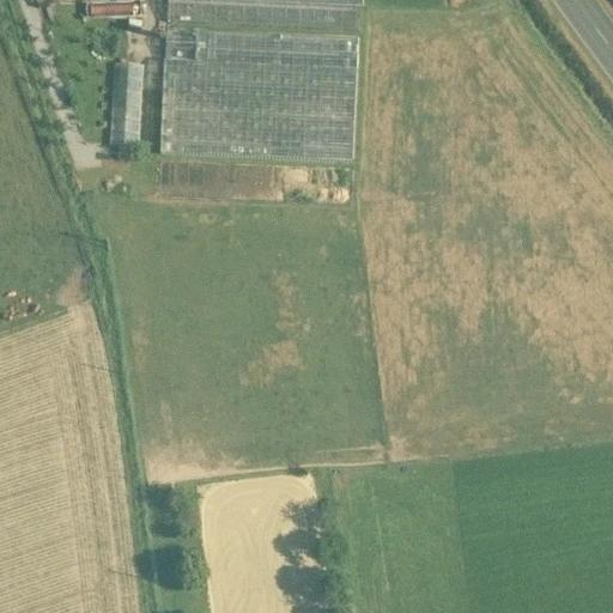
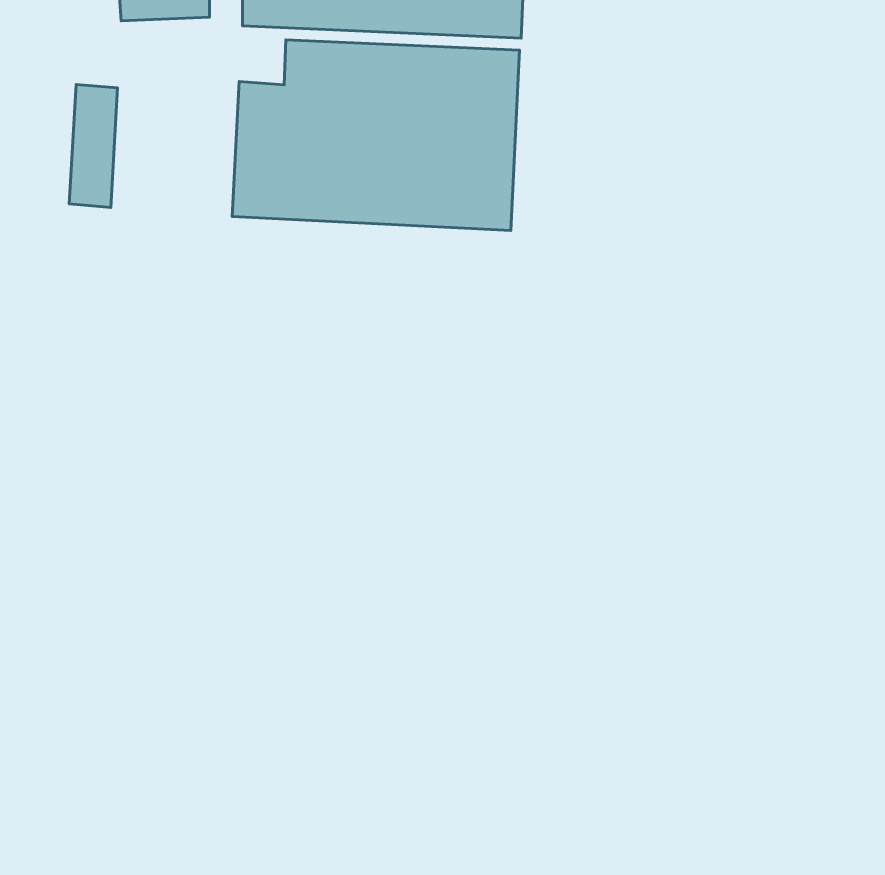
building: [165,23,198,59] -> none
building: [110,59,144,144] -> [69,84,118,207]

